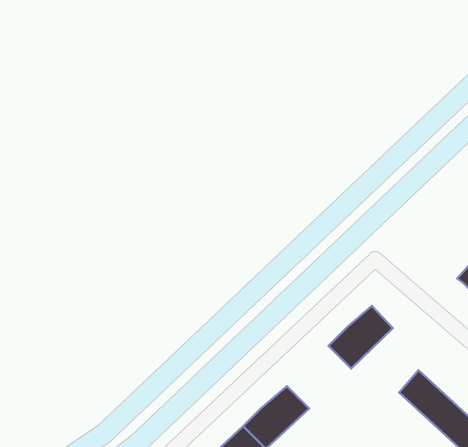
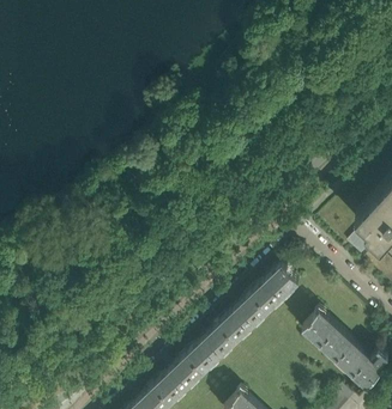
building: none -> [219,295,267,342]

